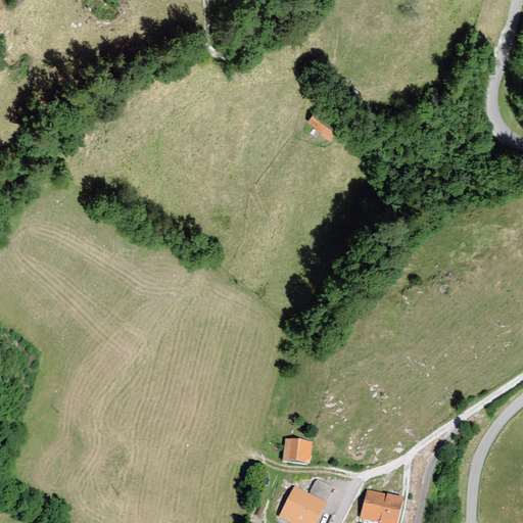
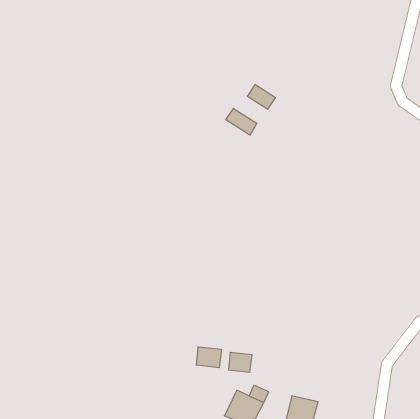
building: none -> [226,108,257,135]
building: none -> [197,347,221,368]

